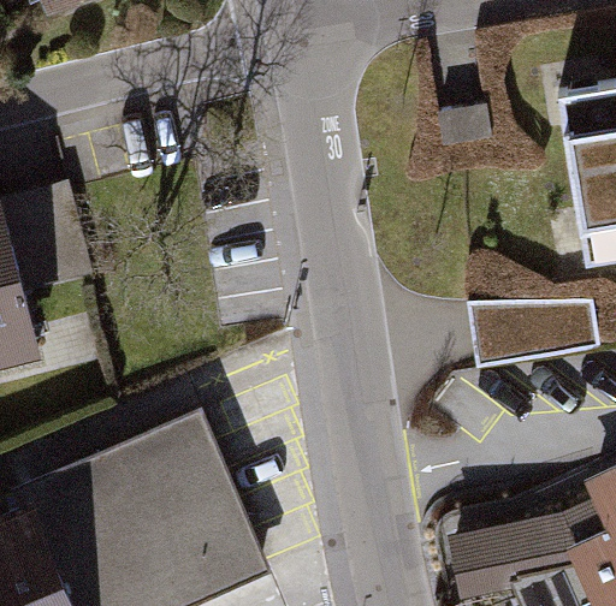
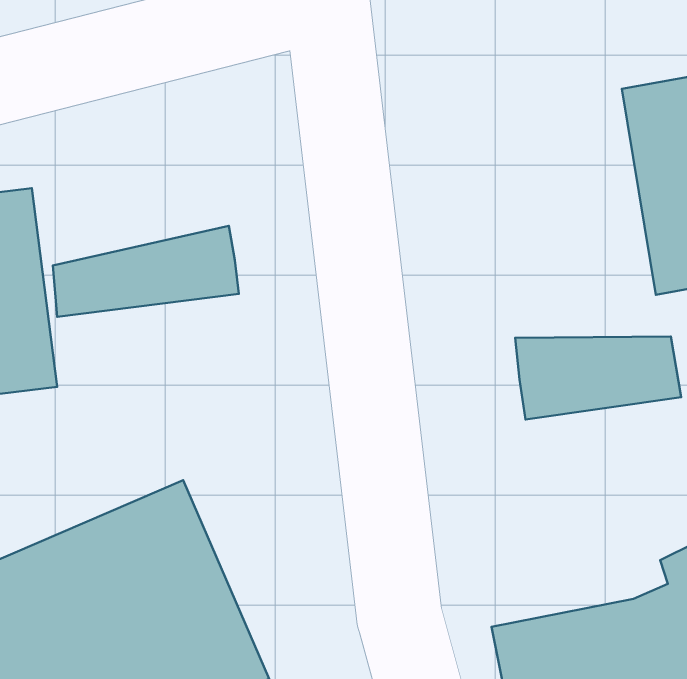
building: none -> [53,226,239,317]

